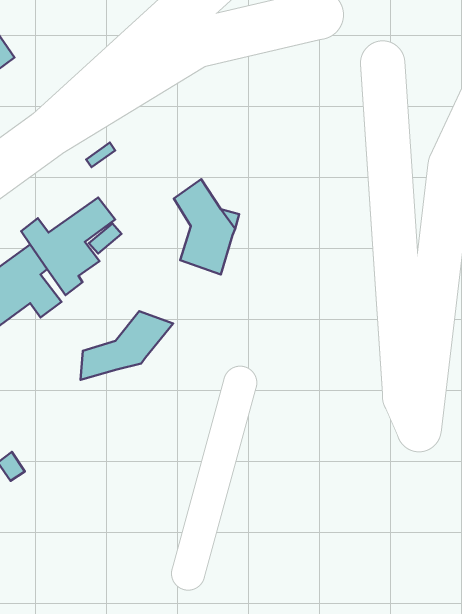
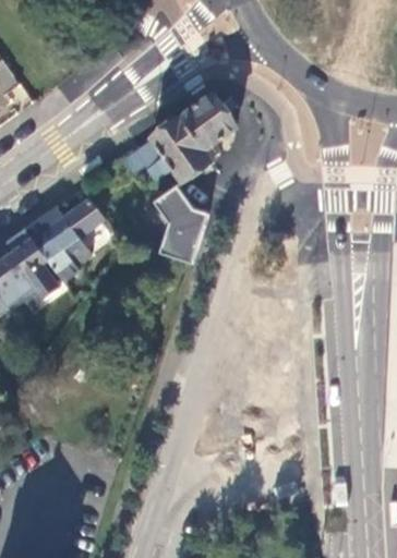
building: none -> [122,94,233,183]
building: [80,311,173,380] -> none

